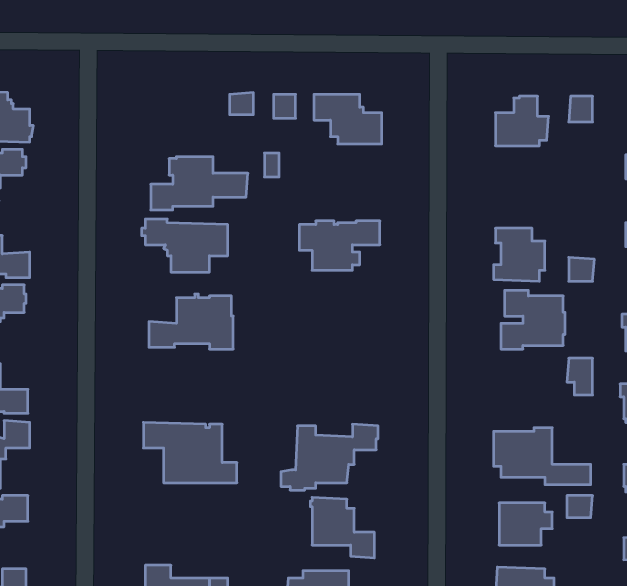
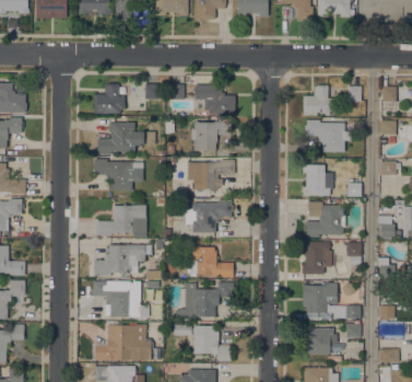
building: none -> [94,84,125,113]
building: none -> [190,119,231,151]
building: none -> [305,119,350,152]
building: none -> [185,200,232,232]
building: none -> [302,241,331,274]
building: none -> [93,244,151,276]
building: none -> [189,245,233,277]
building: none -> [95,324,160,360]

